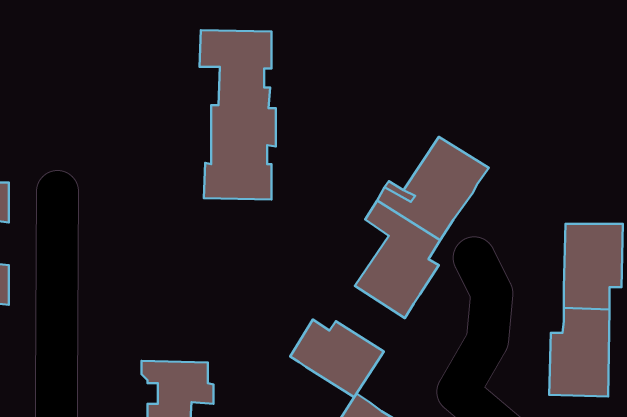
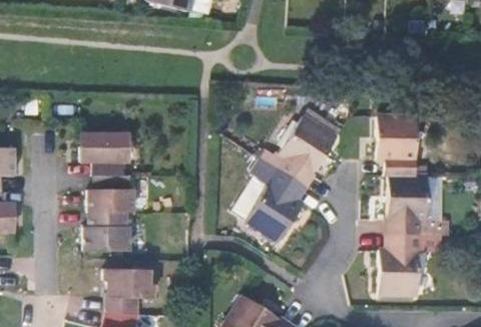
building: [199,30,276,200] -> [83,134,135,250]
building: none -> [378,117,422,177]
building: [290,320,384,397] -> none

